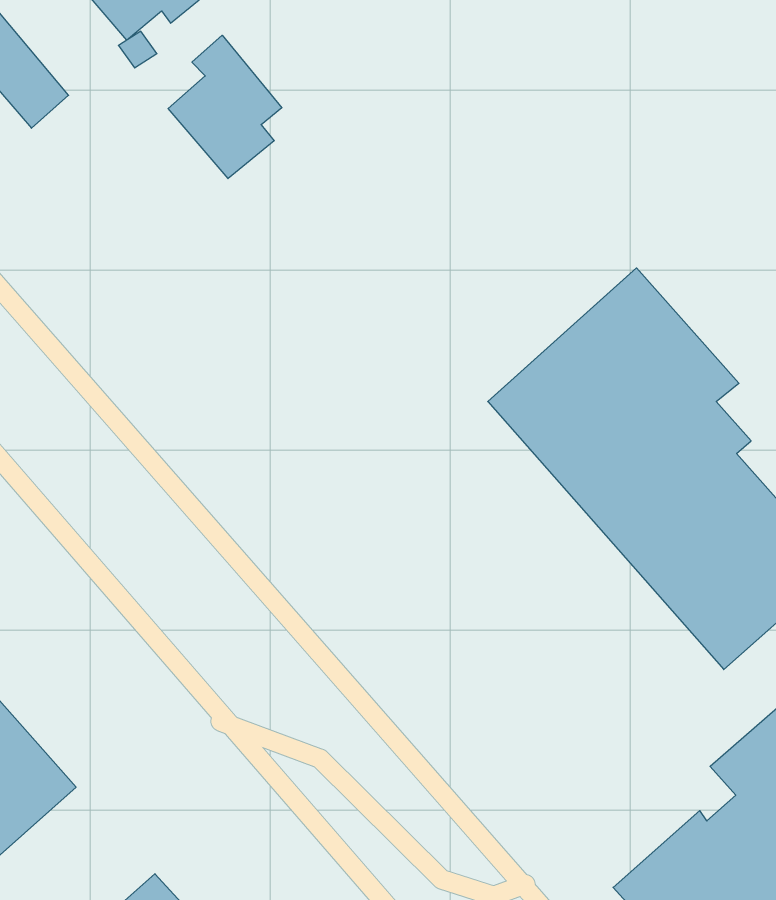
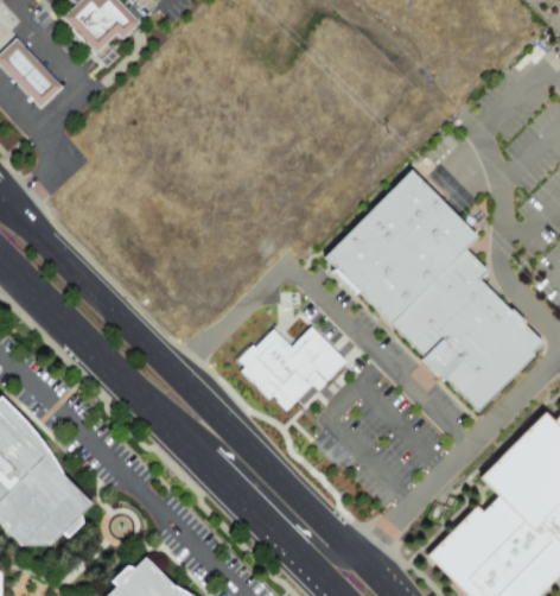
building: [168,35,282,179] -> none
building: none -> [233,328,344,412]

